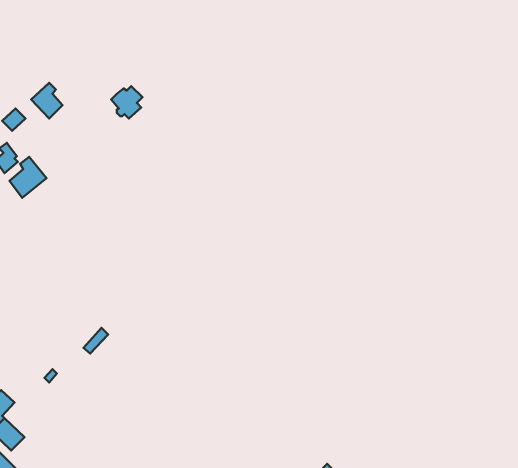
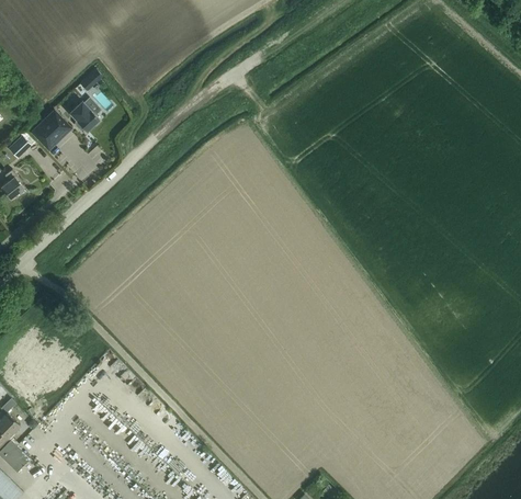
building: [111,86,142,118] -> [69,100,100,132]
building: [9,157,46,198] -> none

